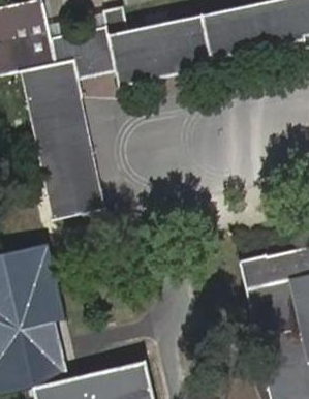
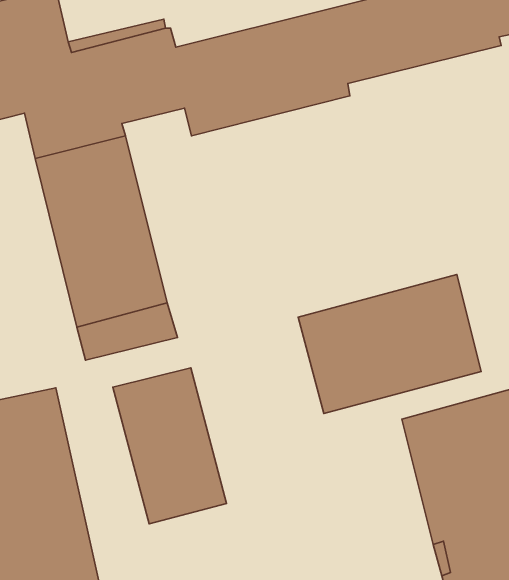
building: none -> [298,274,481,413]
building: none -> [113,368,227,524]

